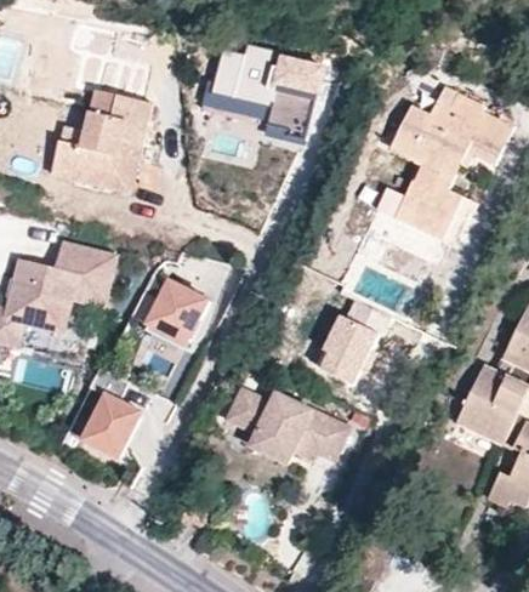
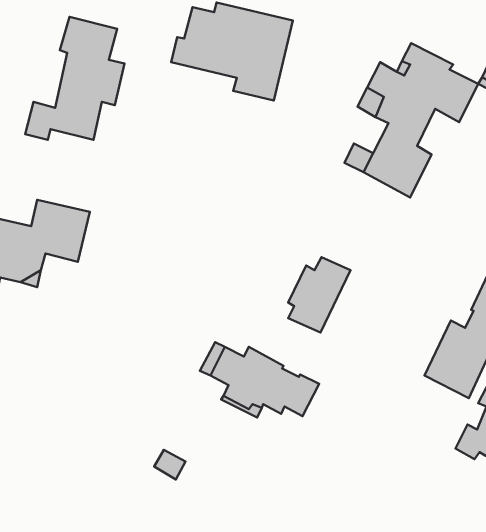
building: [74,143,142,195] -> none
building: [144,281,205,348] -> none
building: [76,368,140,456] -> none

